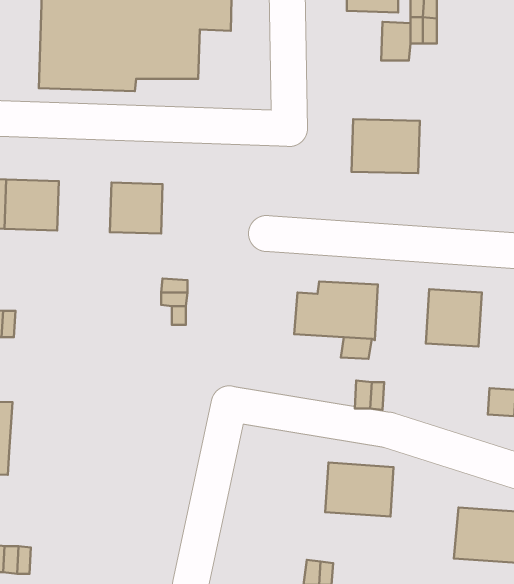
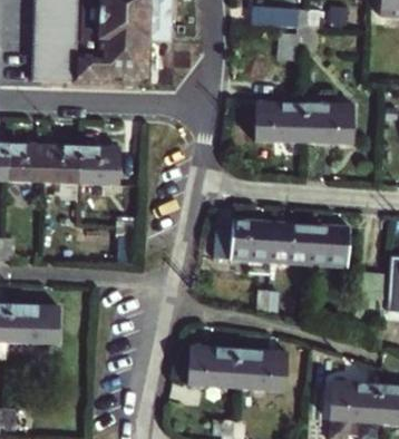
building: none -> [303,103,351,143]
building: none -> [43,146,82,183]
building: none -> [272,221,311,263]
building: none -> [9,305,59,342]
building: none -> [188,345,239,384]

